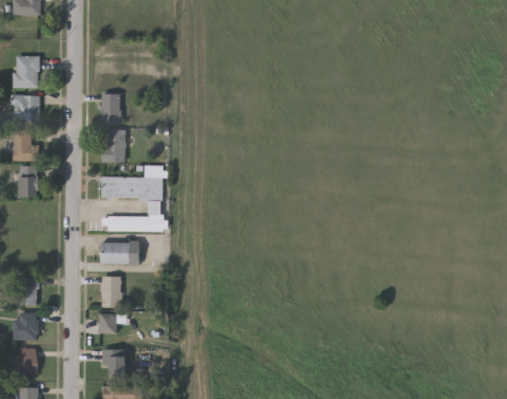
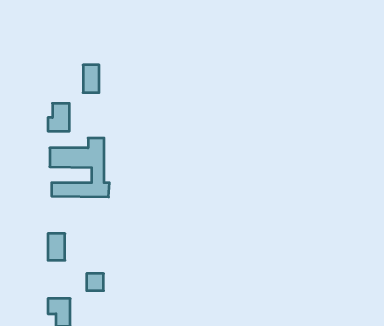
building: [101,93,119,124] -> [83,65,99,93]
building: [100,241,139,263] -> none
building: [98,314,117,333] -> [87,274,104,291]

